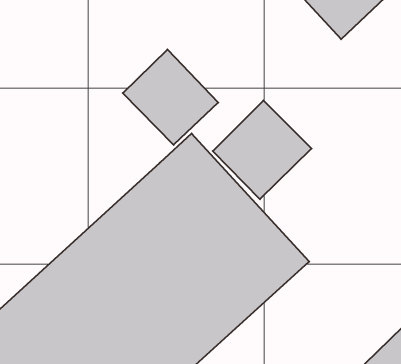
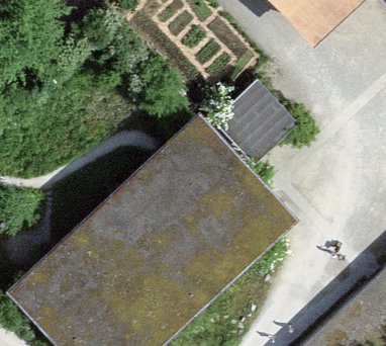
building: [123,49,218,145] -> none

